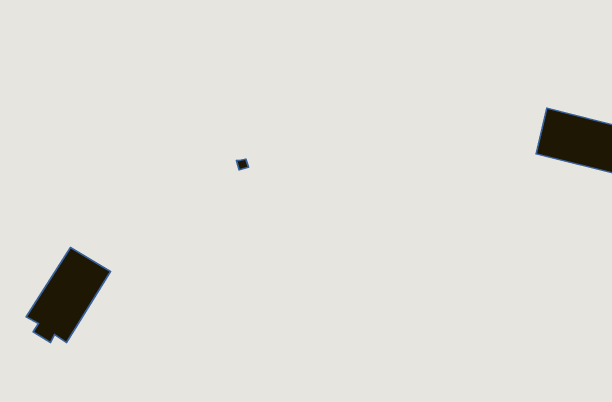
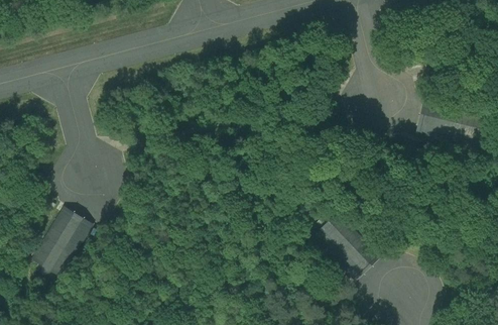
building: none -> [310,210,379,280]

